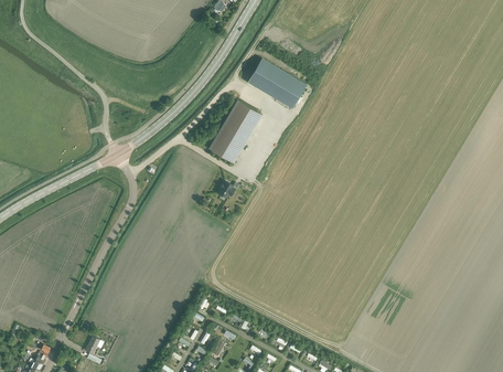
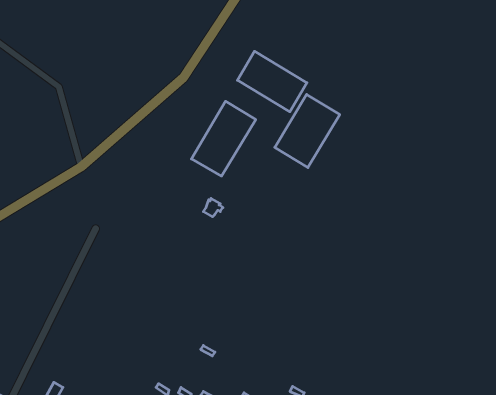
building: none -> [275,94,340,168]

